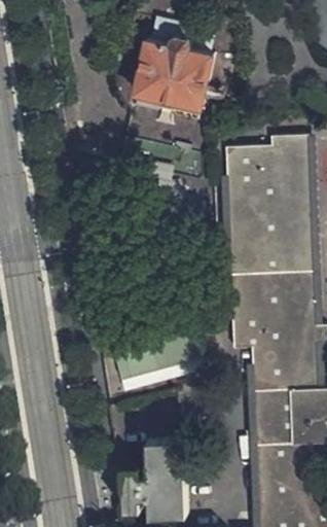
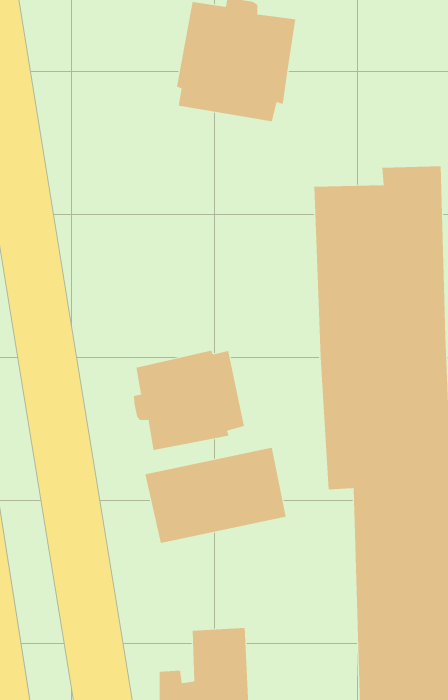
building: none -> [134,350,245,451]

